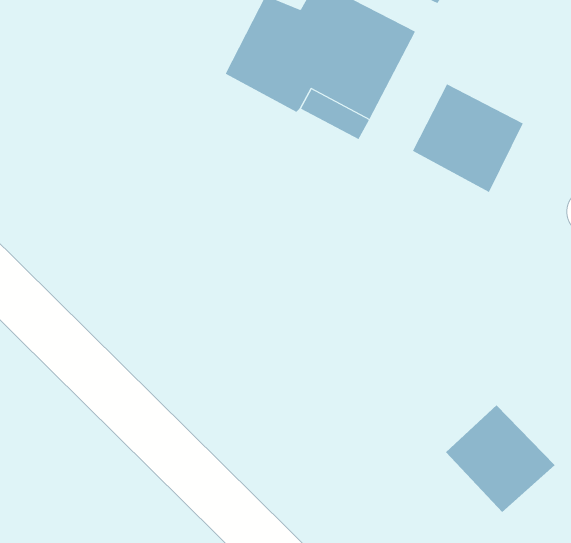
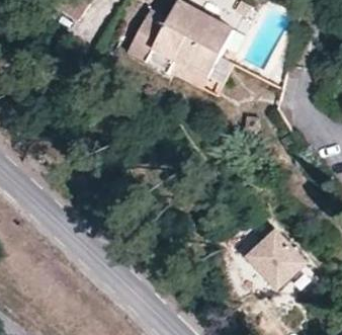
building: [412,83,523,193] -> none

